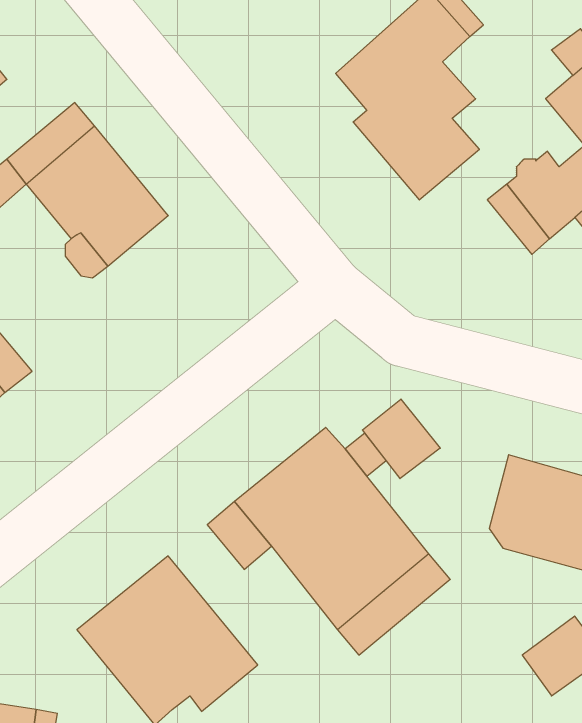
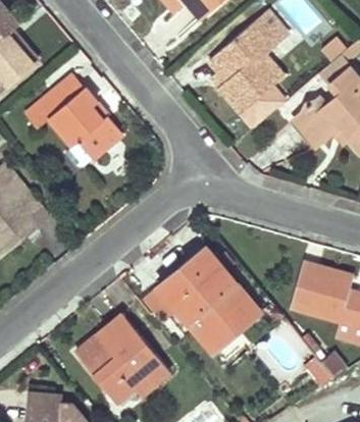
building: [362,399,440,479] -> none

